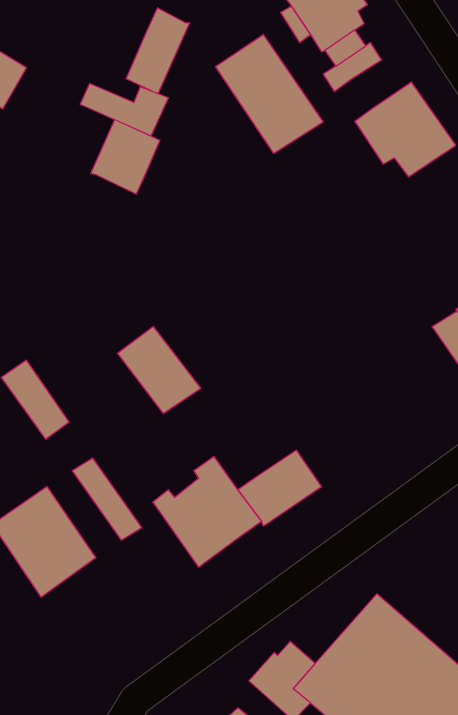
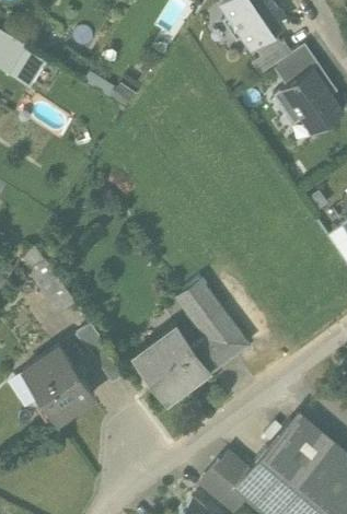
building: [126,8,189,94] -> none
building: [216,34,323,153] -> none
building: none -> [271,46,313,85]
building: [91,120,160,194] -> none
building: [117,327,201,413] -> [175,279,233,339]

